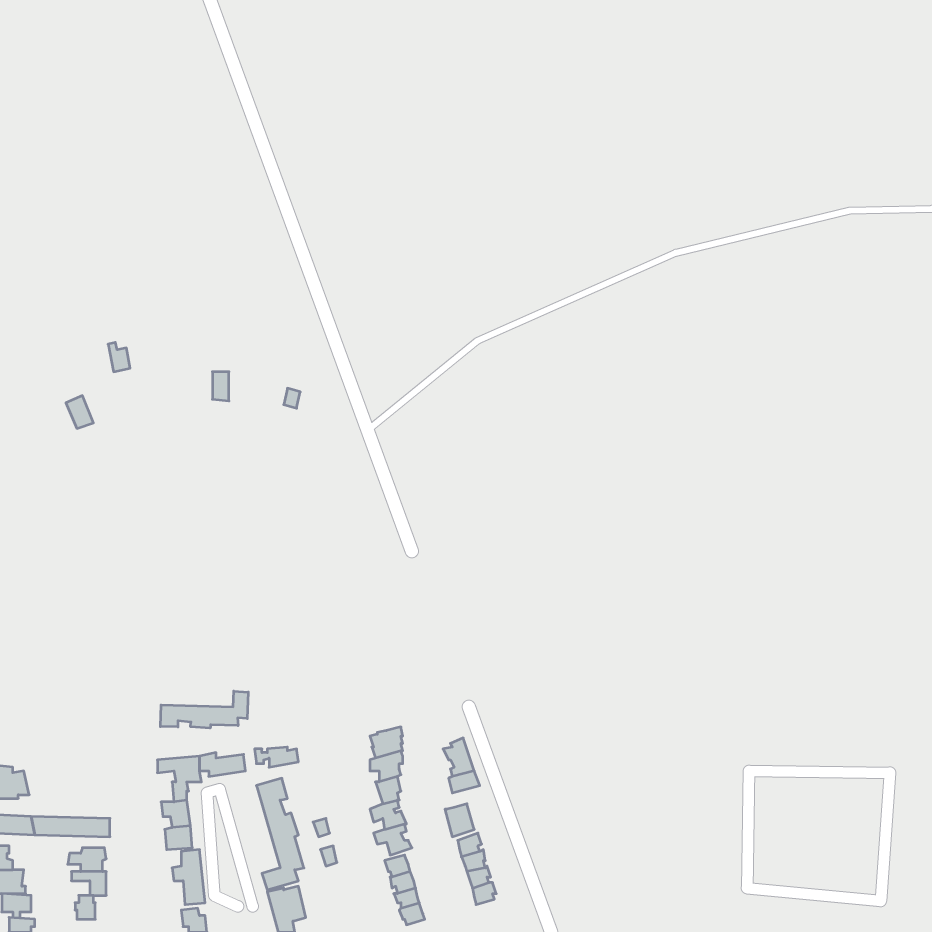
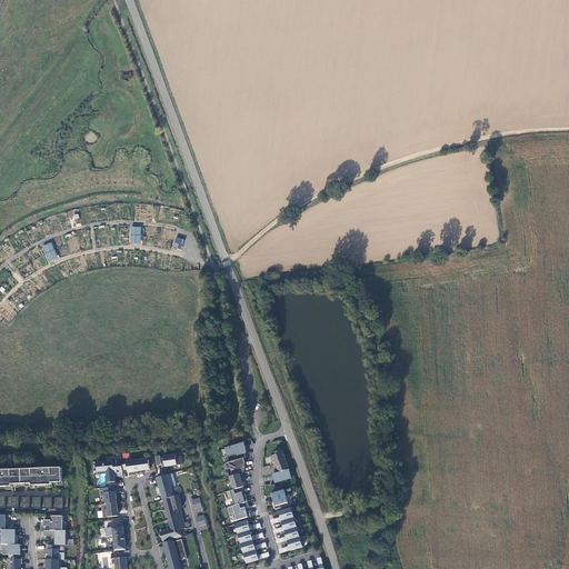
building: [160,691,248,728] -> none
building: none -> [14,463,61,485]

